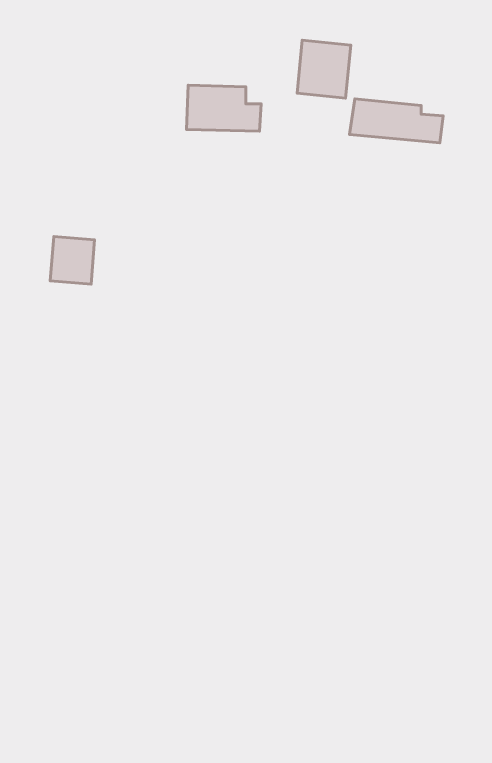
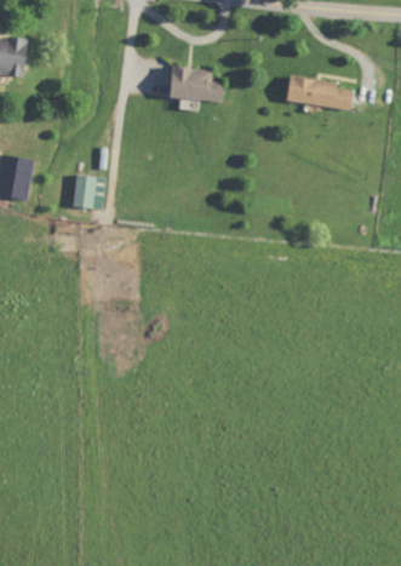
building: [297,40,351,98] -> none

